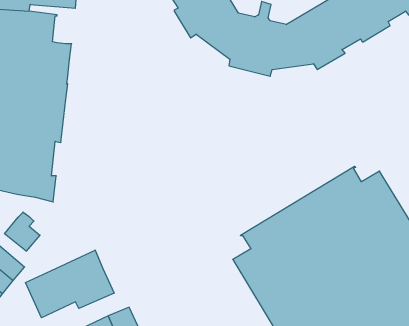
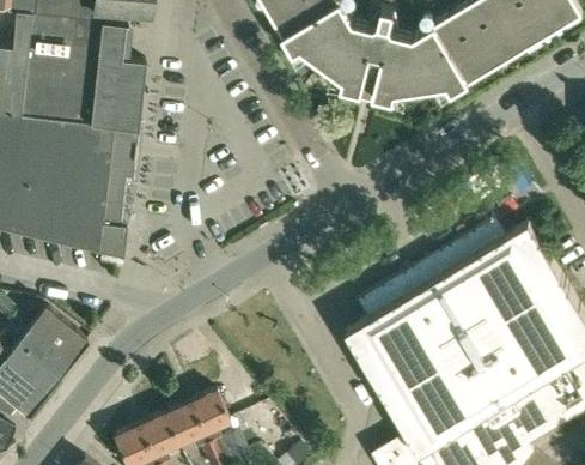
building: [5,212,40,251] -> none
building: [26,250,114,318] -> none

